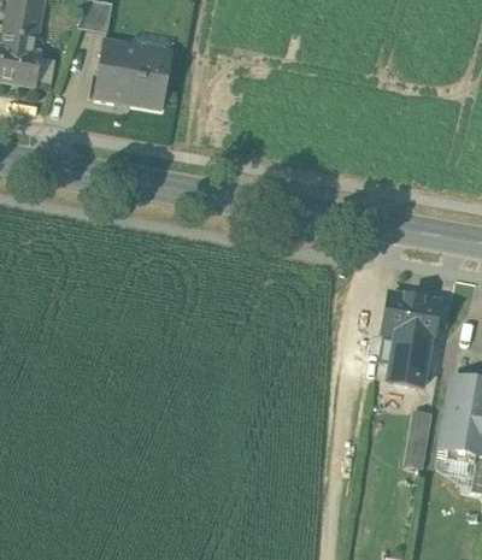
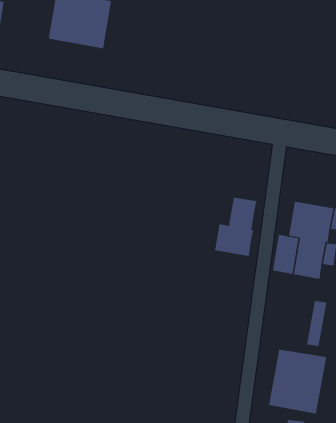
building: none -> [214,197,257,257]
building: none -> [269,349,327,415]

